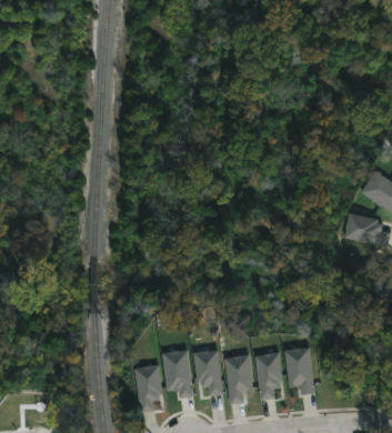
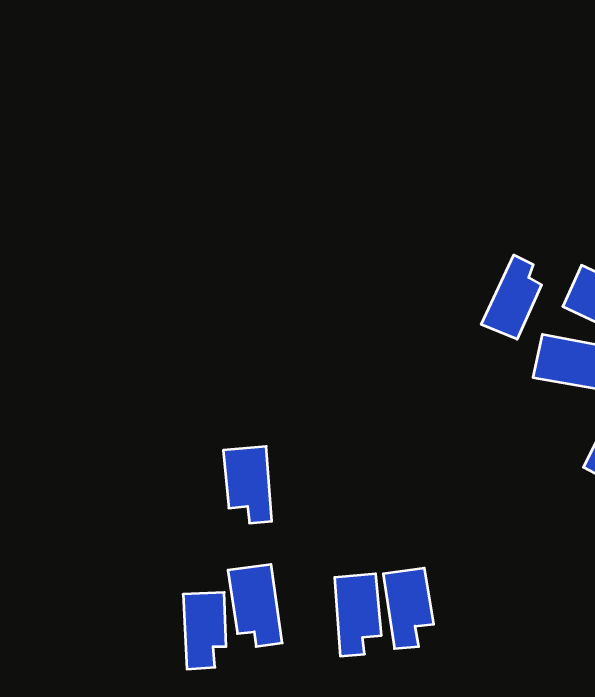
building: none -> [481,255,542,339]
building: [284,348,314,394] -> none
building: [193,350,222,395] -> [223,446,272,523]

